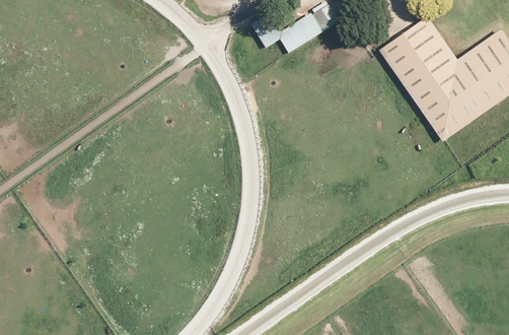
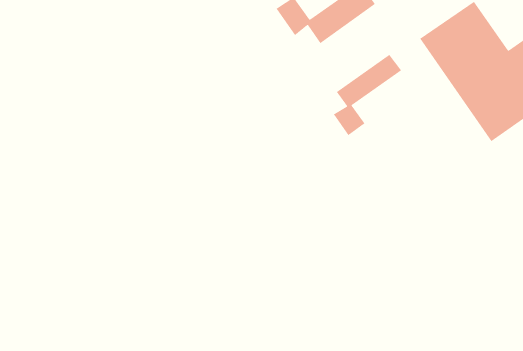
building: none -> [333,54,402,136]

